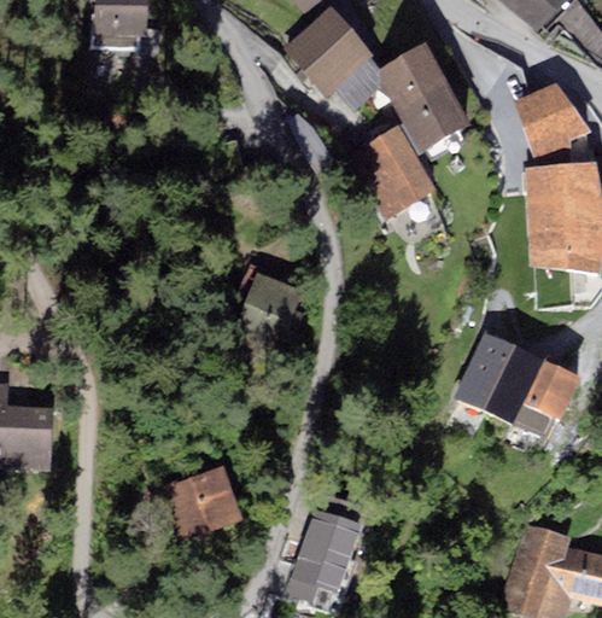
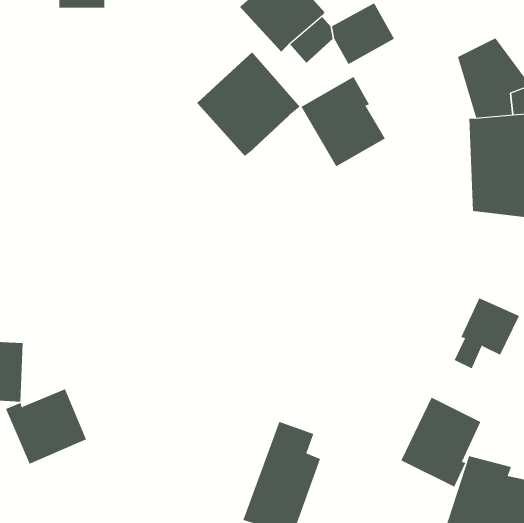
building: [398,82,472,152] -> none
building: none -> [196,51,301,157]
building: [233,269,305,350] -> none
building: [451,331,537,427] -> [400,397,481,488]
building: [158,465,245,546] -> [5,388,87,464]

